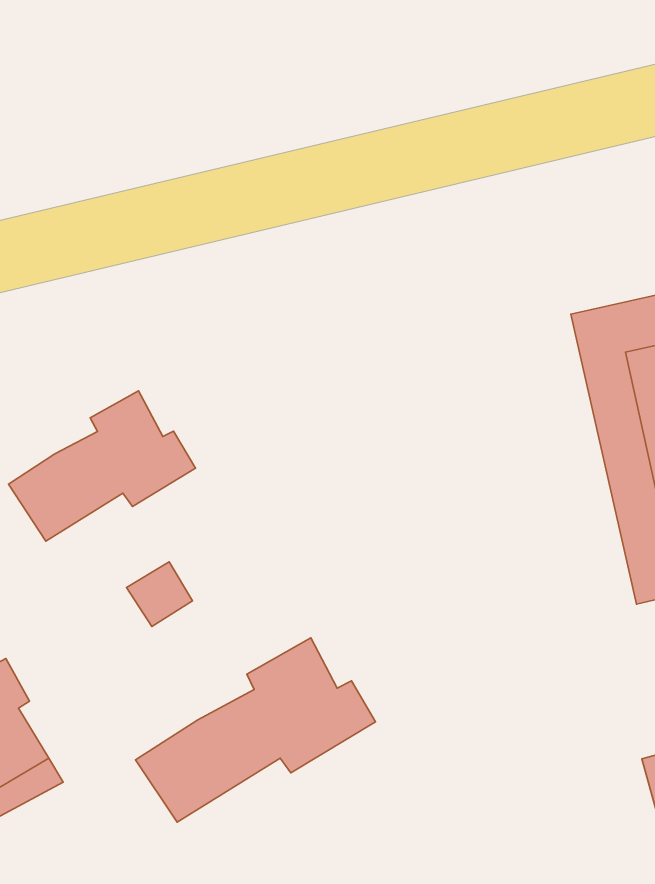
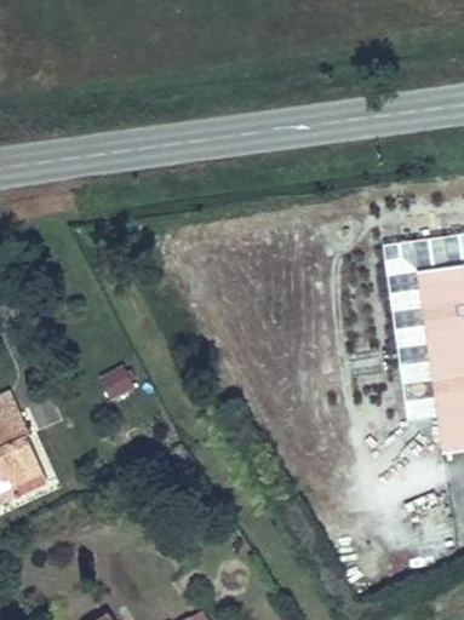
building: [8,391,196,541] -> none
building: [136,638,375,822] -> none

